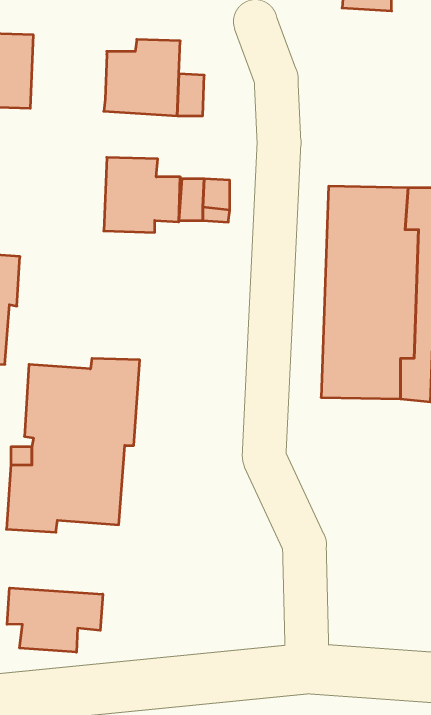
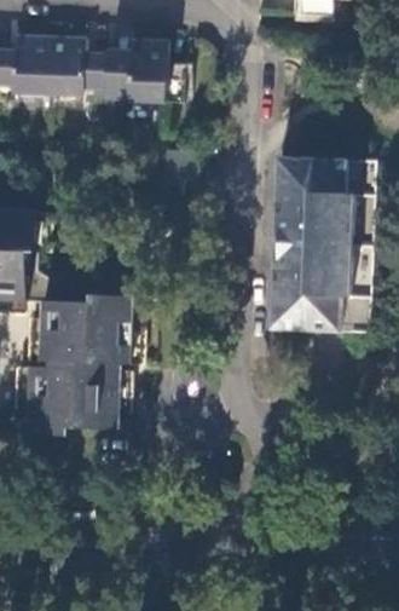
building: [104,157,180,232] -> [41,36,103,97]
building: [7,588,103,652] -> none

